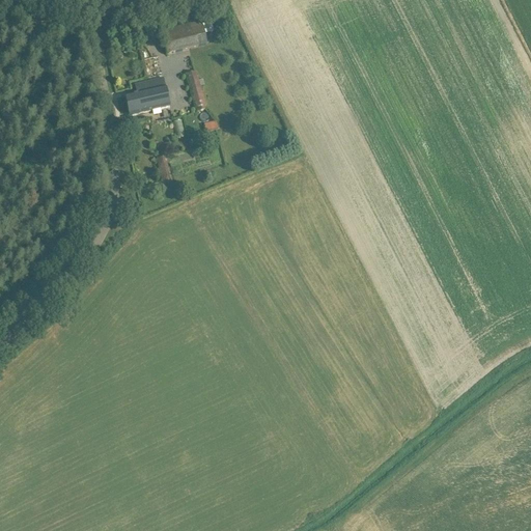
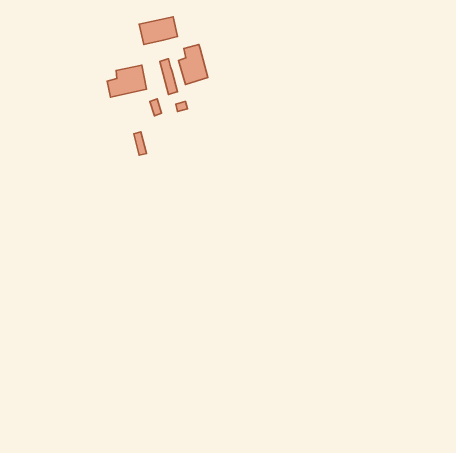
building: none -> [179,44,208,85]

